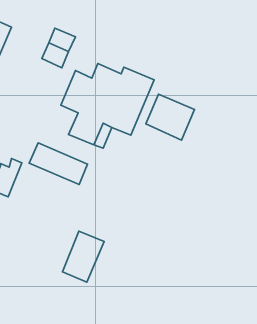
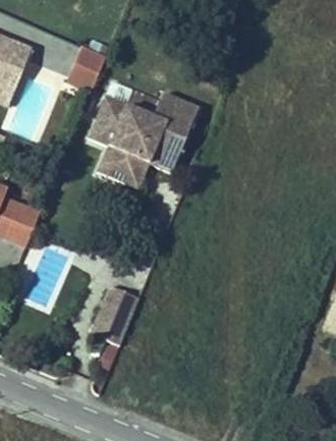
building: [146,94,194,140] -> none
building: [29,143,87,184] -> none

